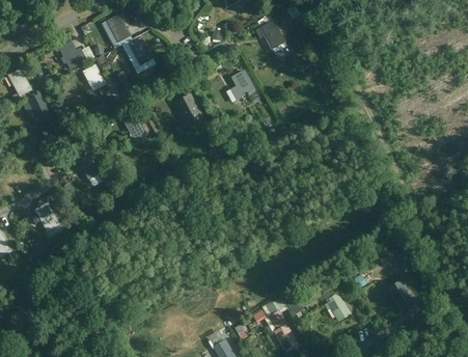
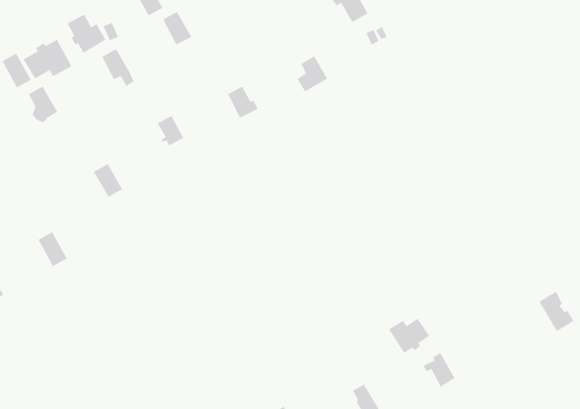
building: none -> [23,39,72,79]
building: none -> [388,318,430,354]
building: [388,279,415,310] -> [538,290,574,332]

